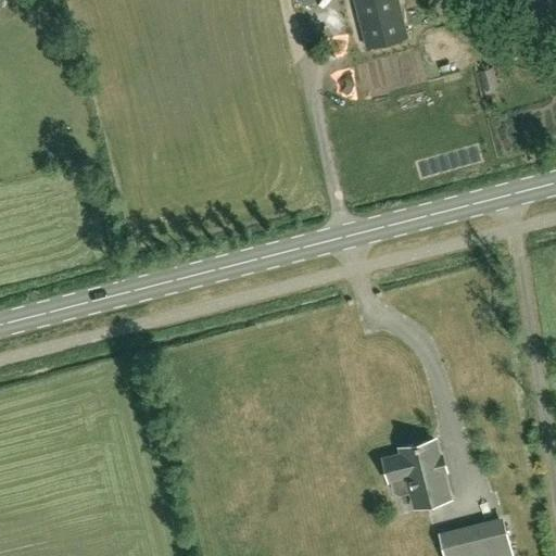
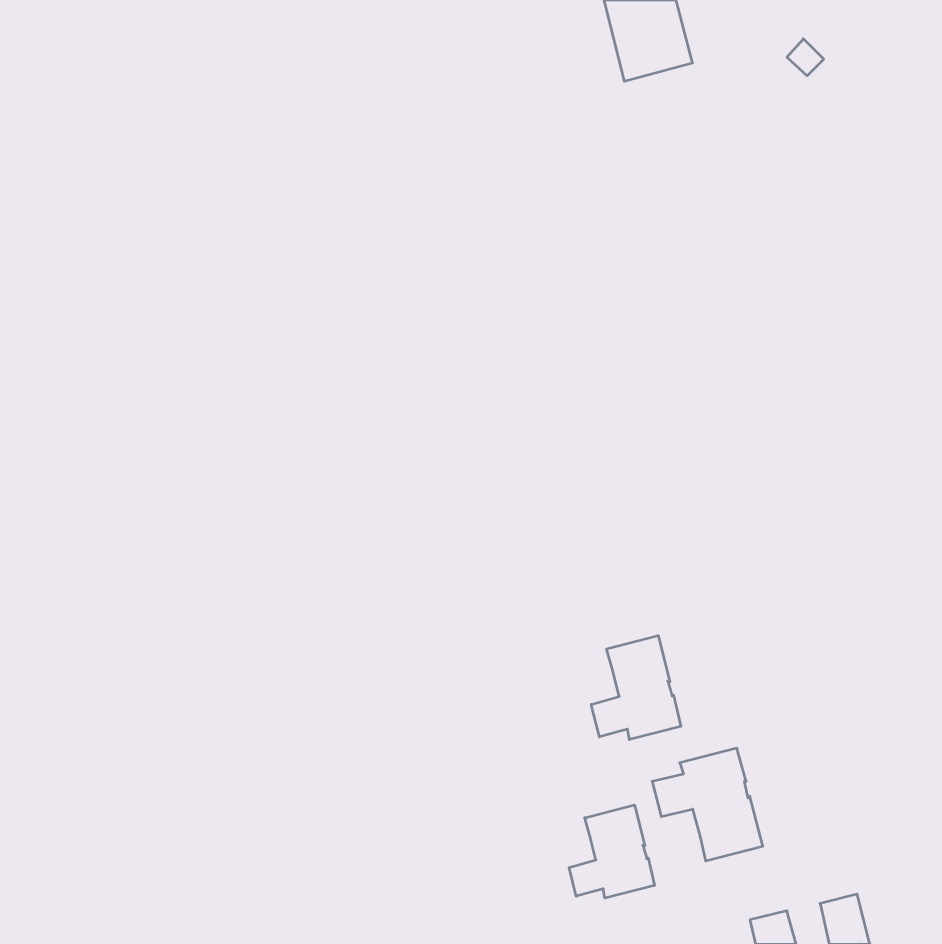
building: none -> [591,636,681,740]
building: none -> [569,805,655,898]

